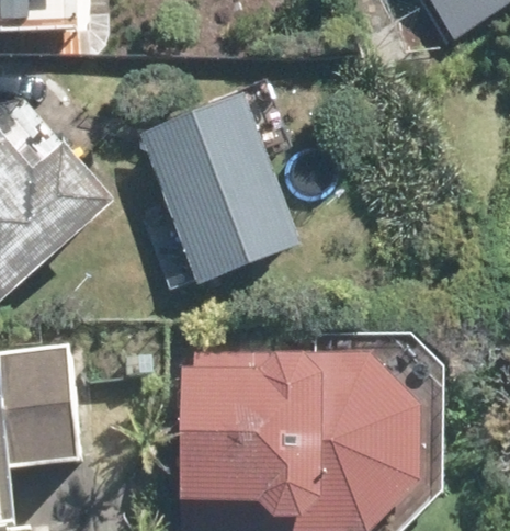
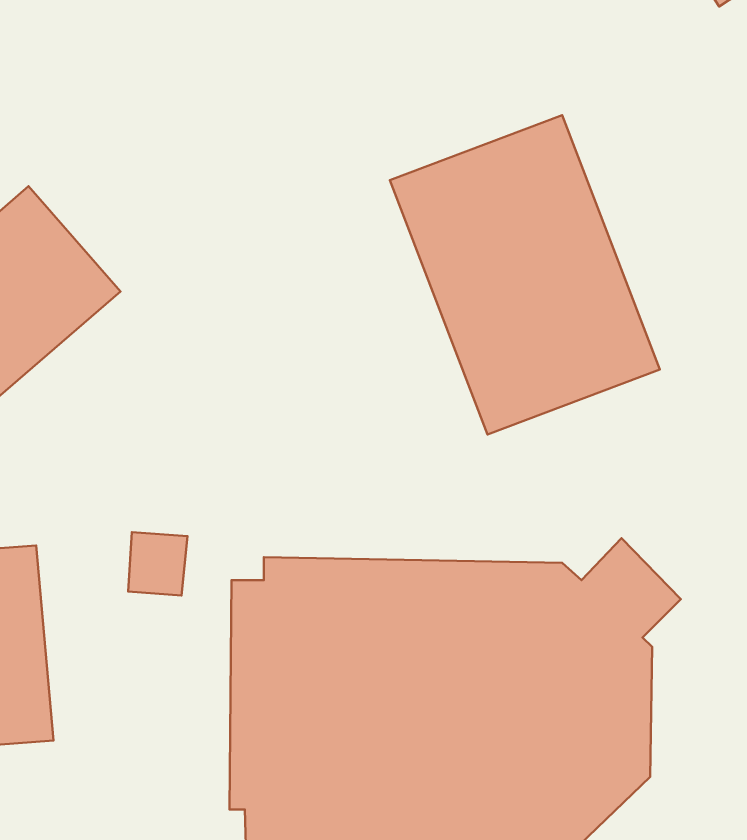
building: [144,97,298,280] -> [390,115,660,435]

